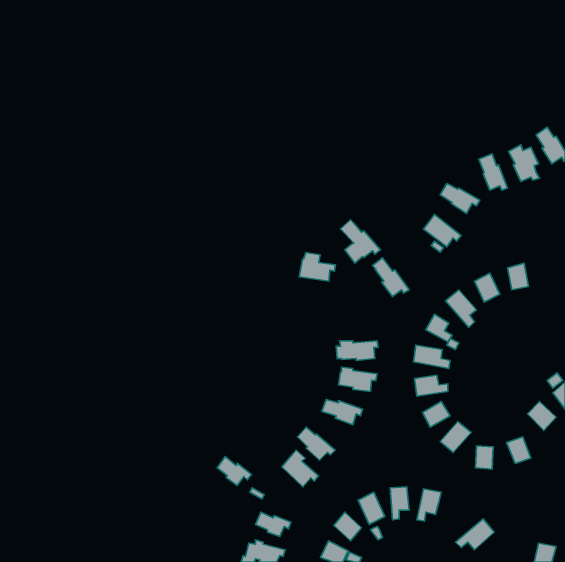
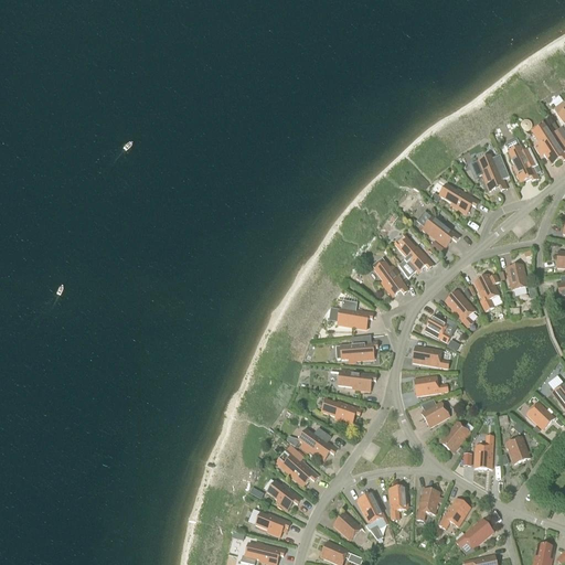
building: [341,220,380,263] -> [394,234,434,277]
building: [299,253,336,281] -> [337,299,373,328]
building: [217,457,252,485] -> [267,480,301,509]
building: none -> [438,498,470,529]

